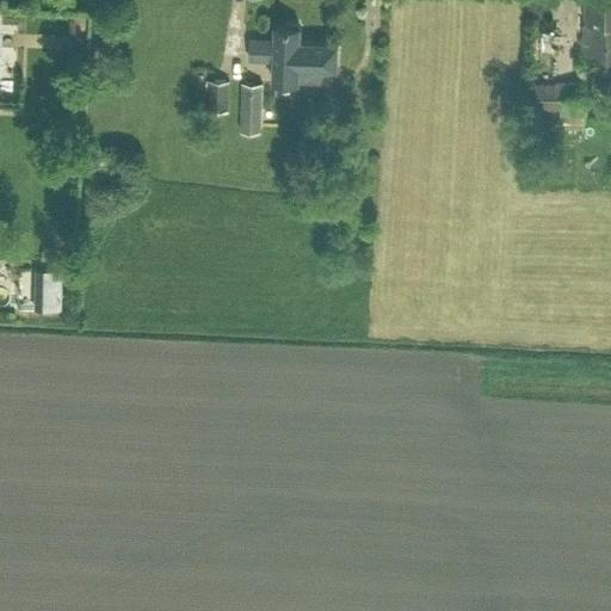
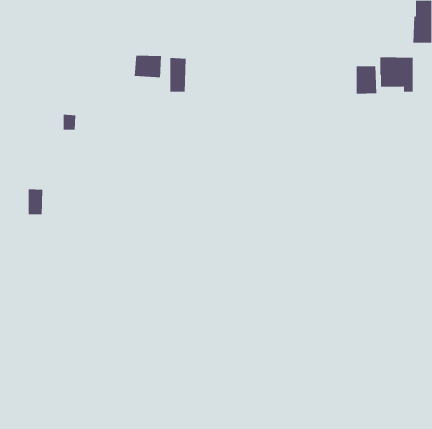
building: [249,29,337,86] -> none
building: none -> [356,66,377,94]

